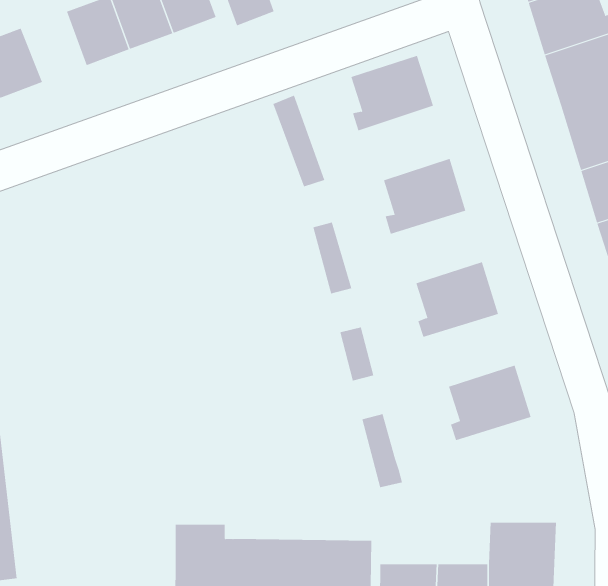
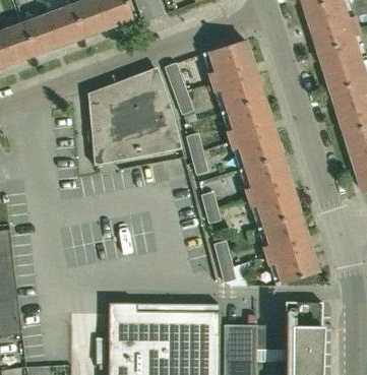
building: none -> [22,15,59,55]
building: none -> [211,68,263,110]
building: none -> [87,70,180,166]
building: none -> [230,127,282,168]
building: none -> [248,185,300,226]
building: none -> [266,243,318,284]

